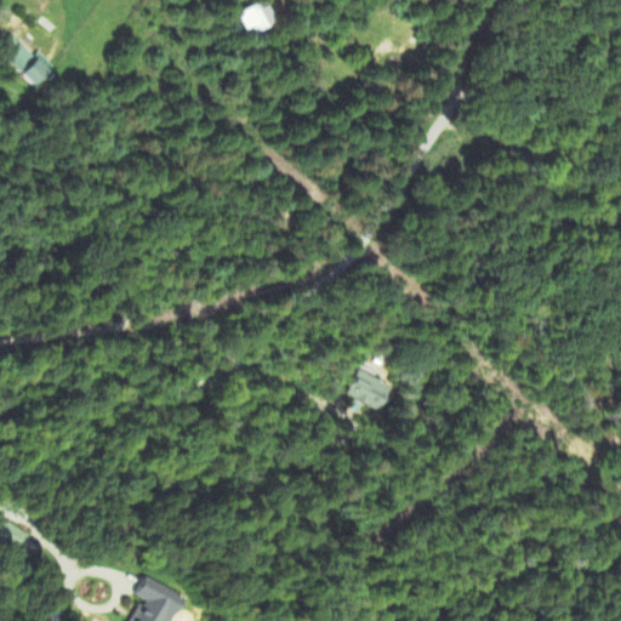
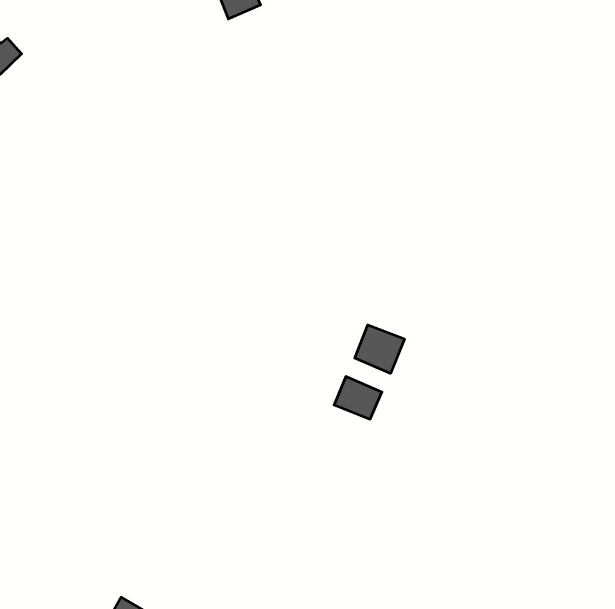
building: none -> [355,325,404,373]

